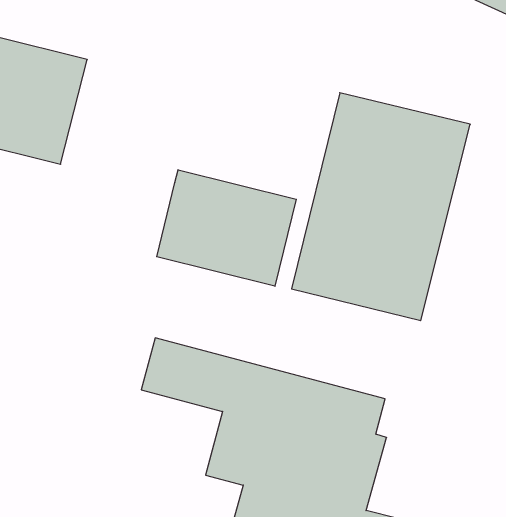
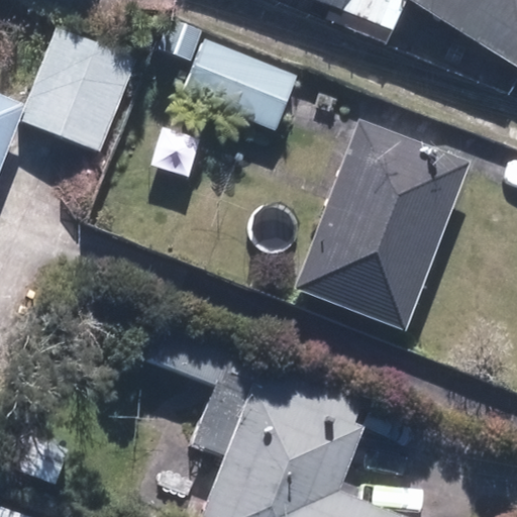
building: none -> [182,43,295,134]
building: [157,170,296,286] -> none

